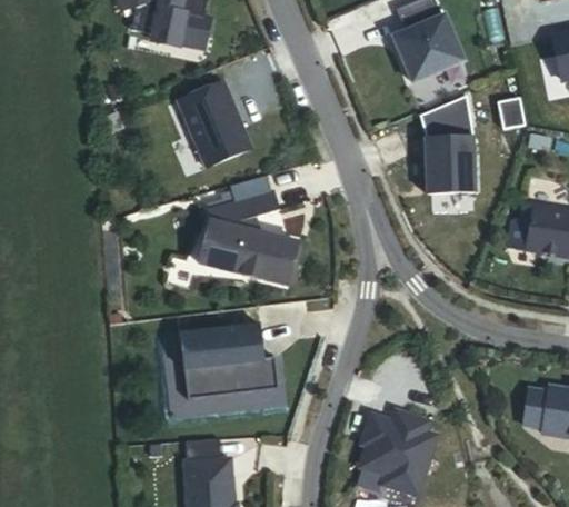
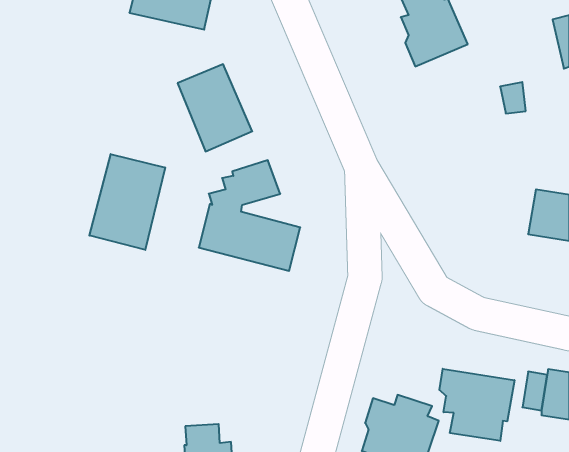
building: [419,96,476,192] -> none
building: none -> [89,154,165,250]
building: [179,324,277,399] -> none
building: none -> [439,369,514,441]

